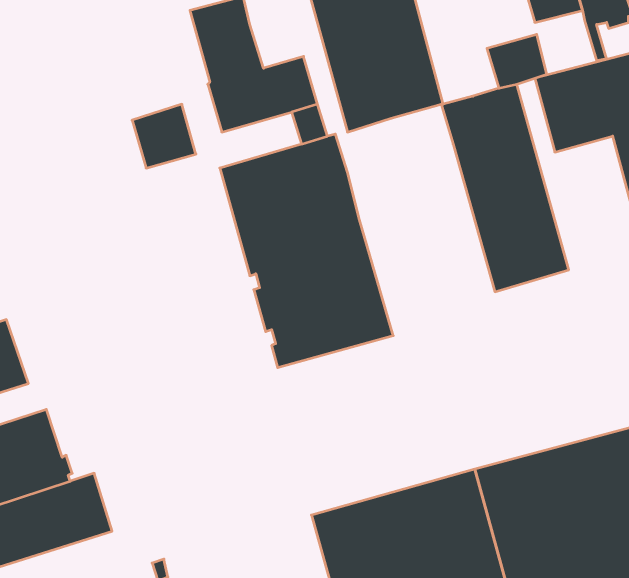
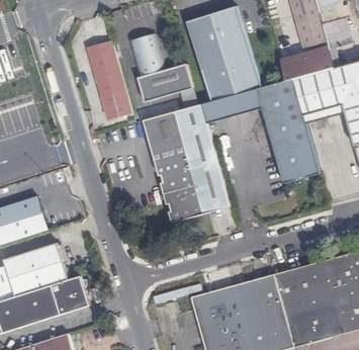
building: none -> [86,40,124,96]
building: none -> [304,46,335,73]
building: none -> [202,88,262,122]

